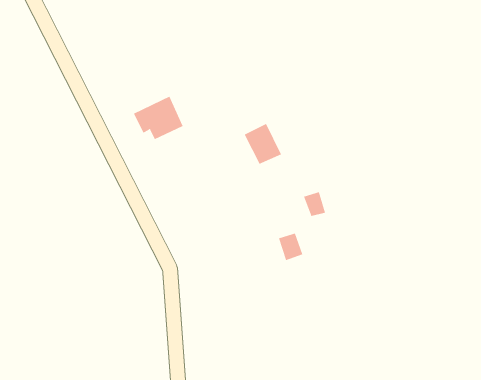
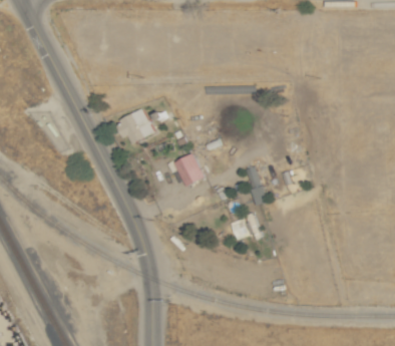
building: [244,123,282,165] -> [174,151,205,185]

